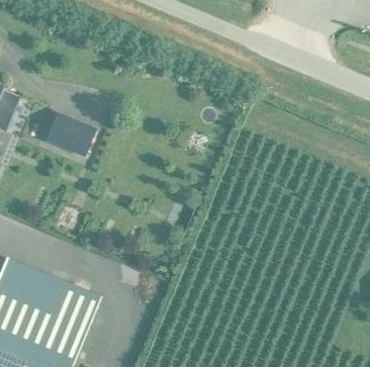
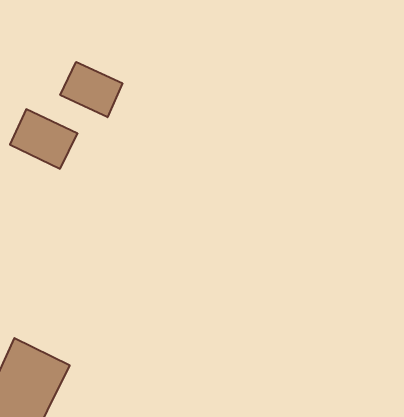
building: none -> [60,62,122,117]

